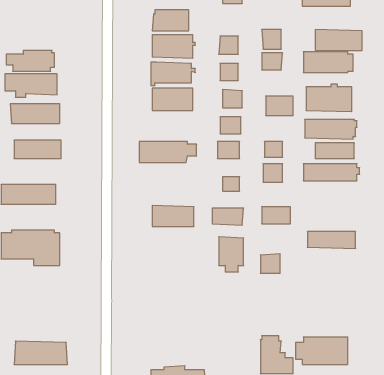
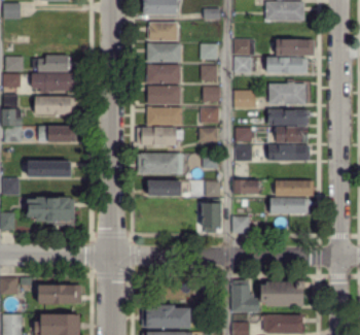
building: none -> [147,107,179,127]
building: none -> [138,155,184,173]
building: none -> [275,180,309,196]

